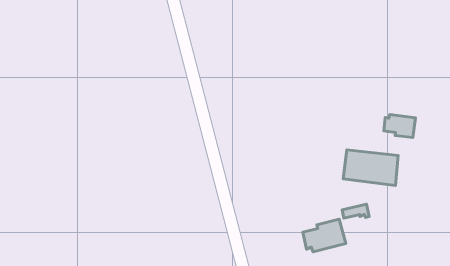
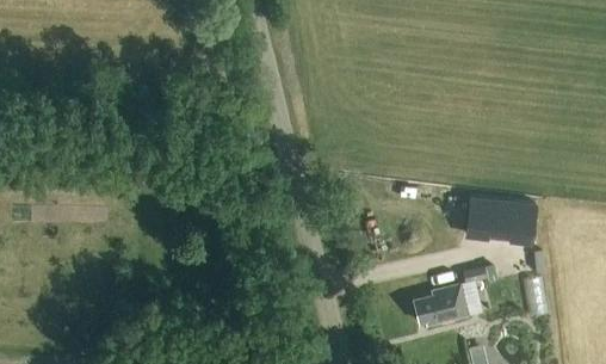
building: [384,114,415,137] -> none

